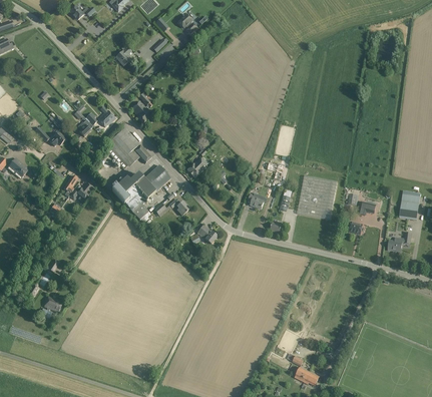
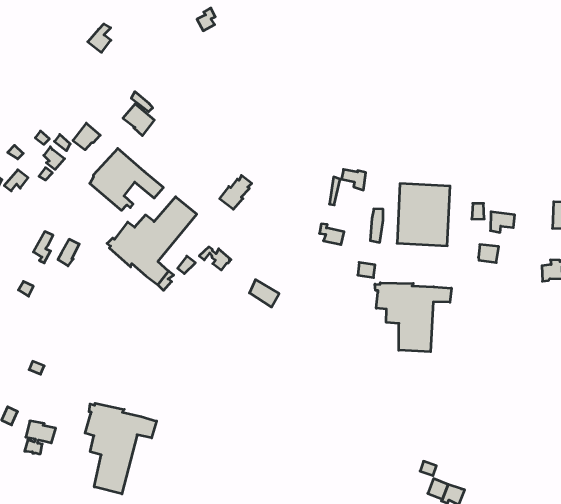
building: none -> [375,283,451,352]
building: none -> [85,403,157,494]

